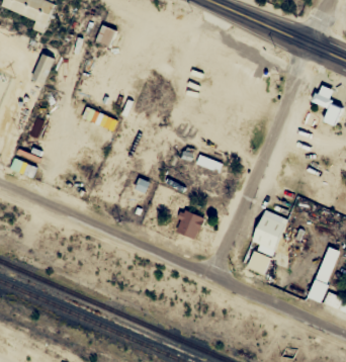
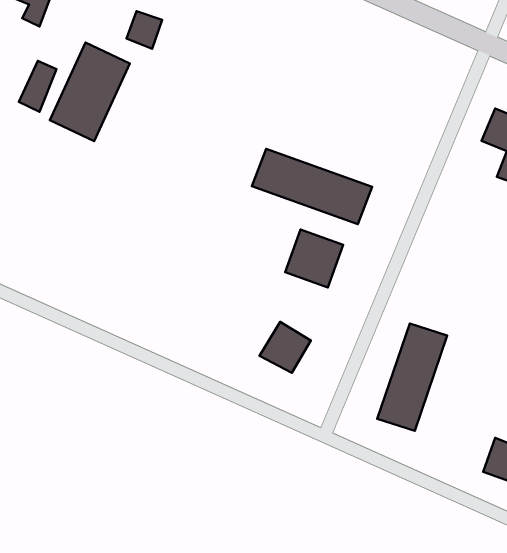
building: none -> [50,43,130,141]
building: none -> [252,149,372,224]

